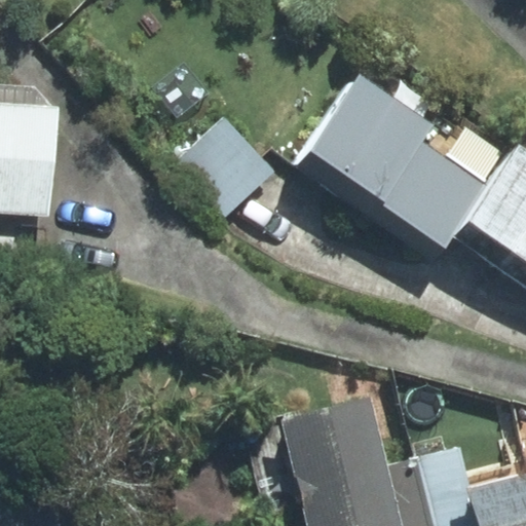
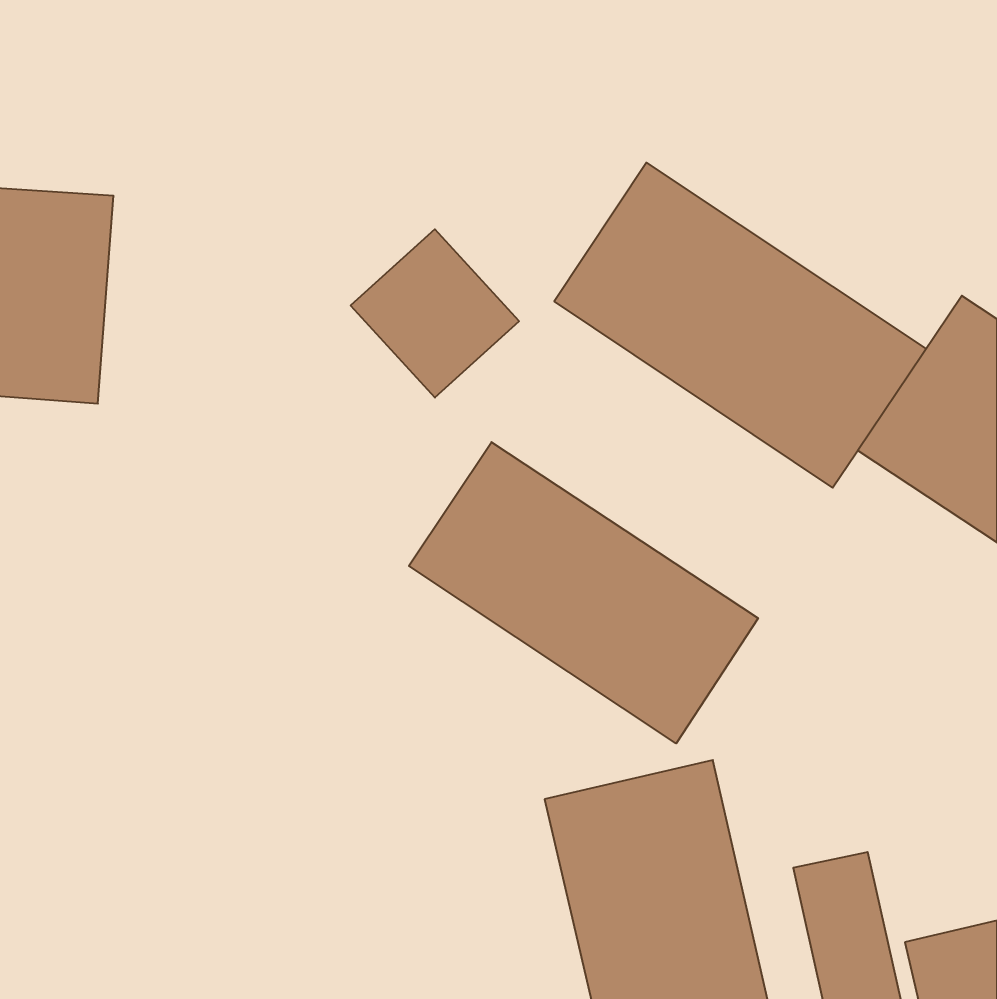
building: none -> [409,442,758,743]

